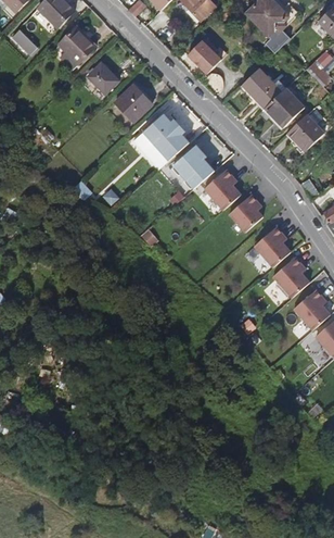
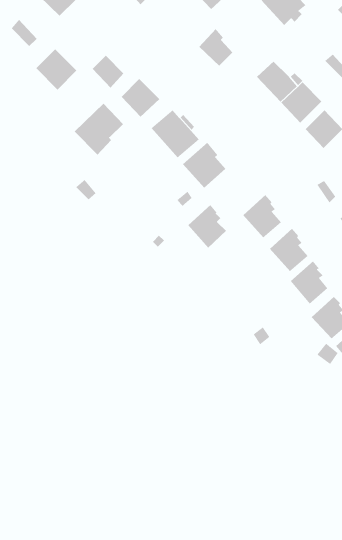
building: [57,26,97,65] -> [35,49,77,90]
building: none -> [74,103,124,155]
building: [204,168,241,210] -> [187,204,227,248]

